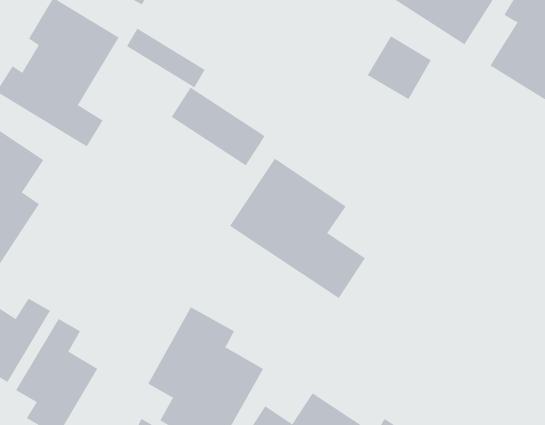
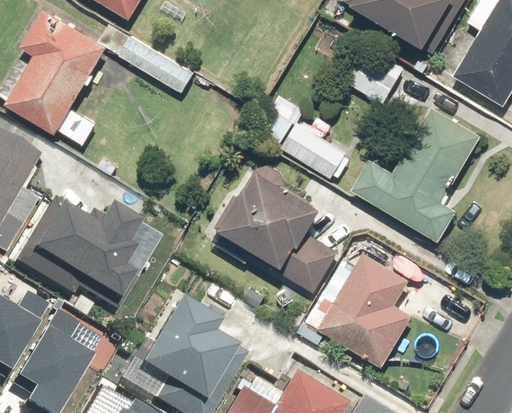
building: [171,87,265,166] -> [258,104,346,178]
building: none -> [350,104,484,241]
building: none -> [13,200,141,319]
building: none -> [313,250,415,365]

